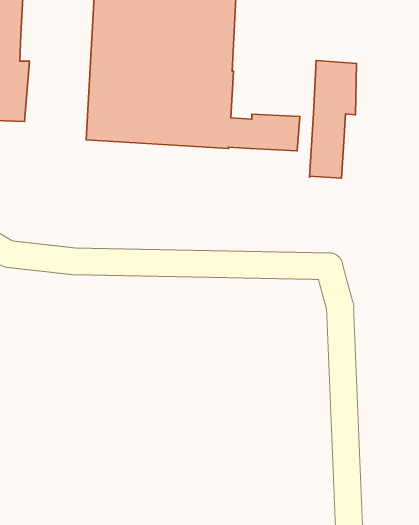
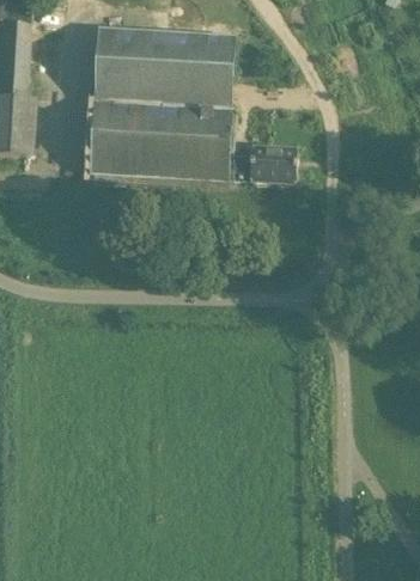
building: [310,60,357,178] -> none

